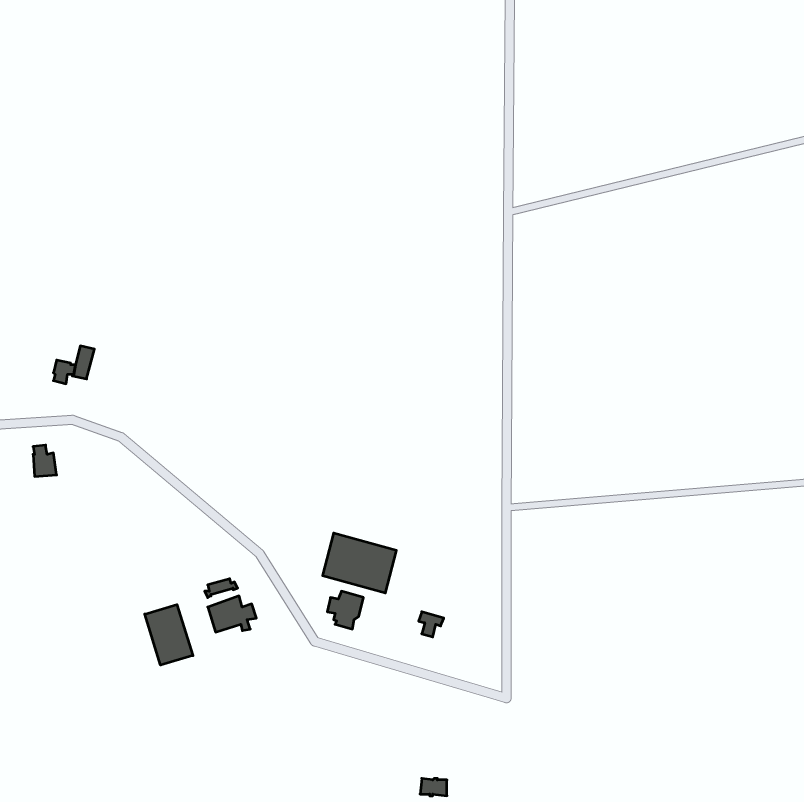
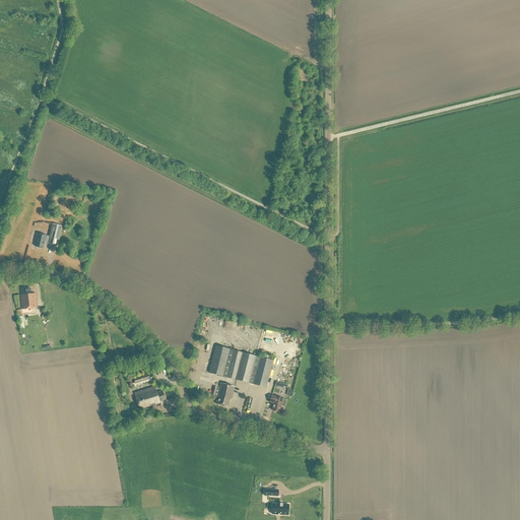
building: none -> [249,355,273,387]
building: [145,605,193,665] -> none

